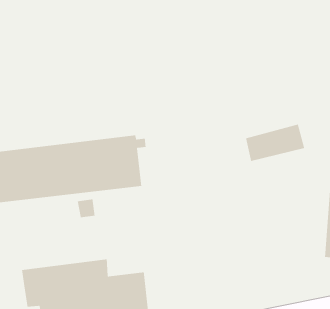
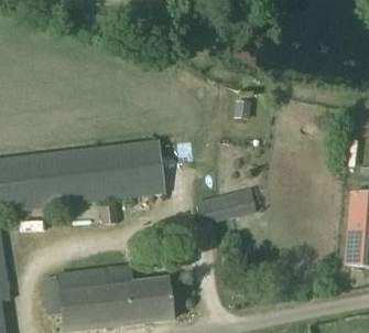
building: [245,124,305,162] -> [195,186,256,225]

